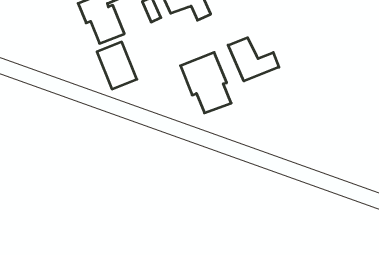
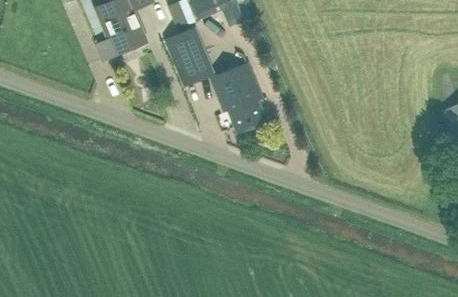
building: [228,38,279,81] -> none
building: [97,42,137,89] -> [167,30,212,83]

